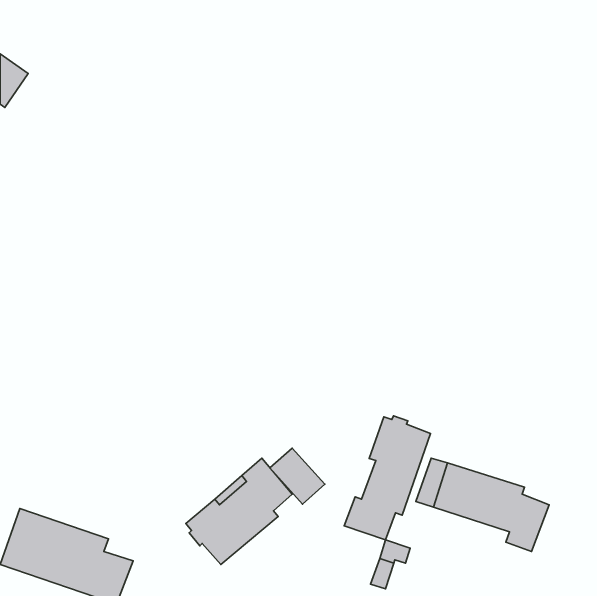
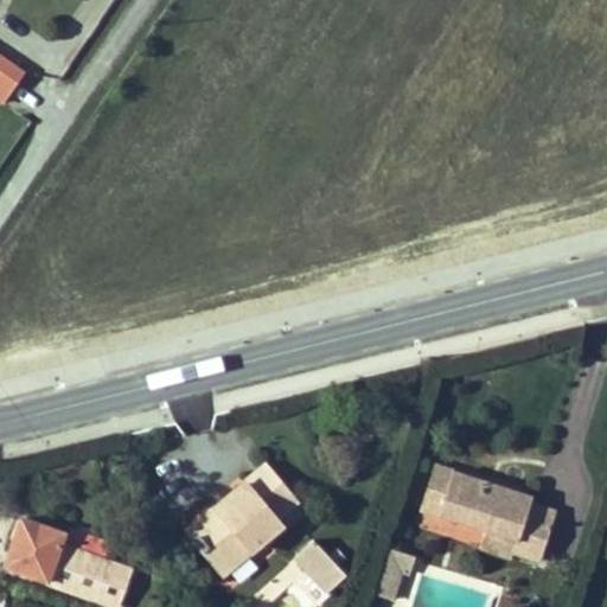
building: [344,416,431,540] -> none
building: [270,448,325,504] -> [293,543,349,600]

